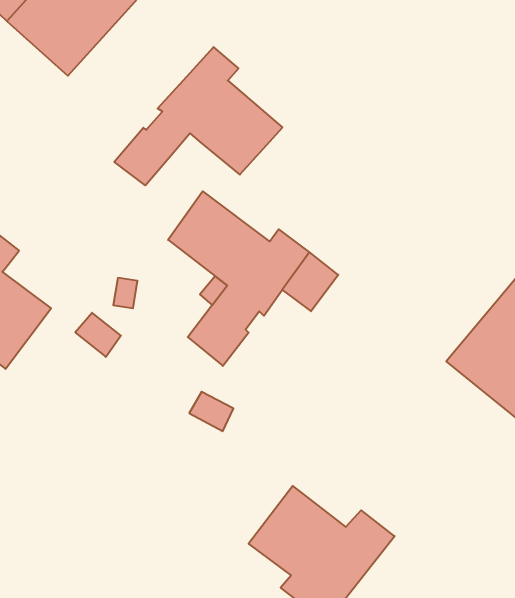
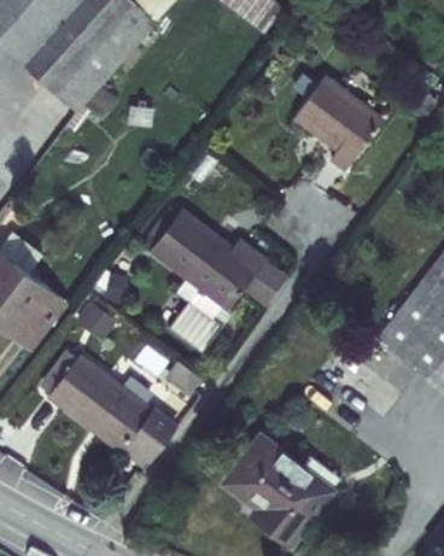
building: none -> [300,71,390,170]
building: [114,47,282,185] -> none
building: none -> [48,350,175,464]

